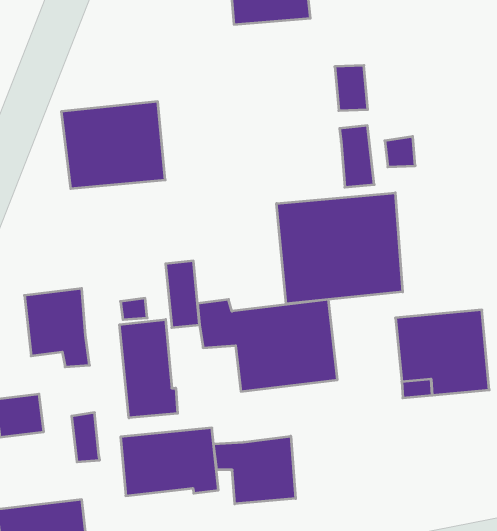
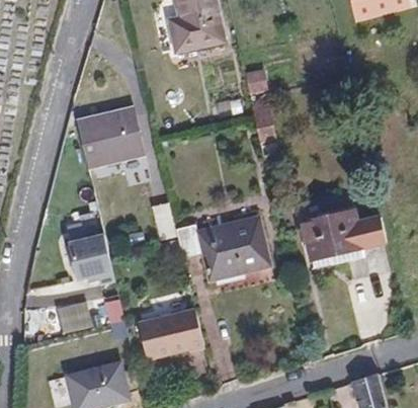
building: [277,193,403,304] -> none
building: [120,319,178,418] -> none
building: [214,436,296,504] -> none

